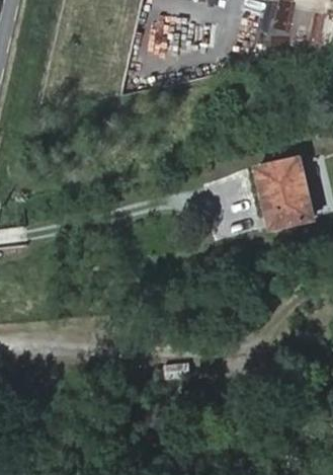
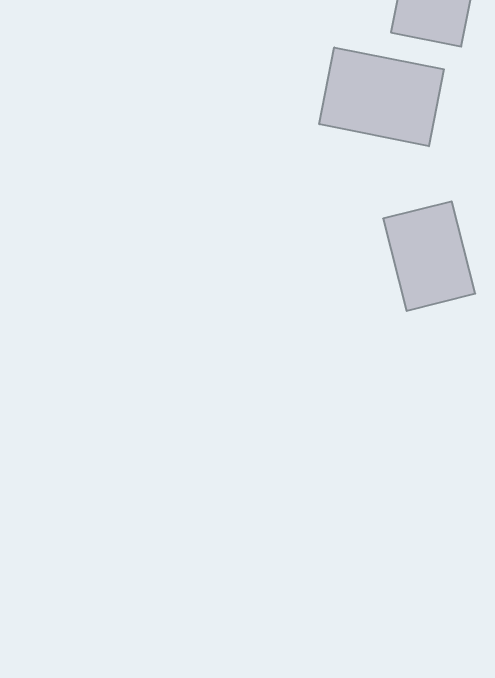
building: none -> [319,47,444,146]

